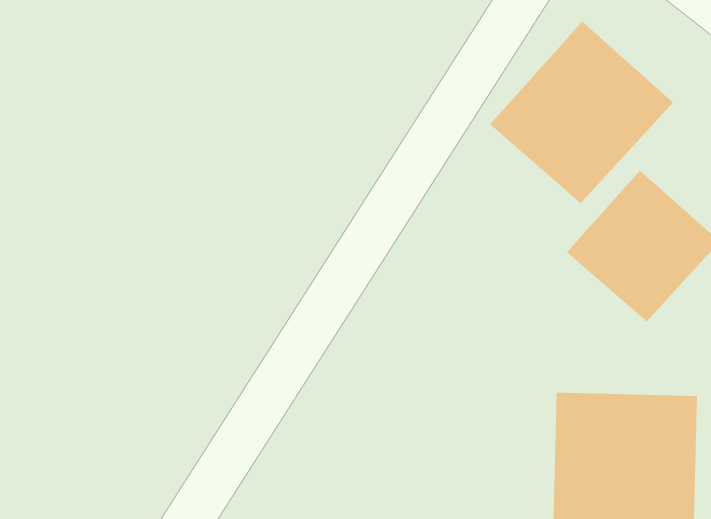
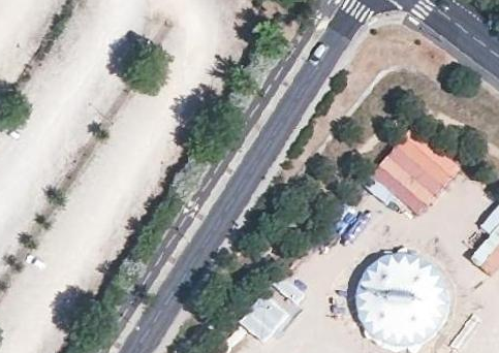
building: [489,21,674,204] -> none

